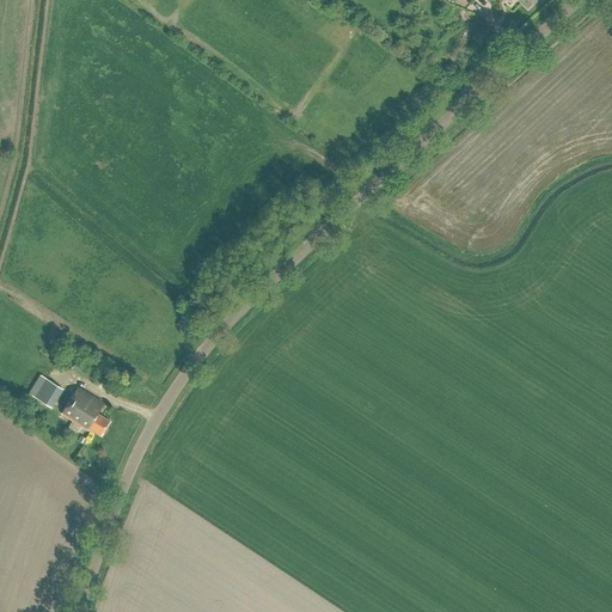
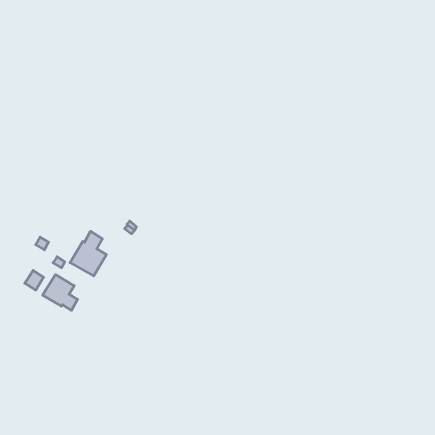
building: none -> [70,231,106,276]

